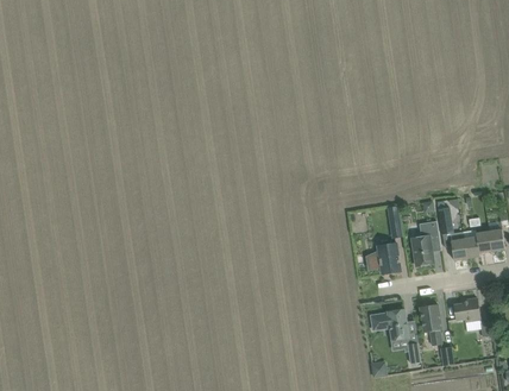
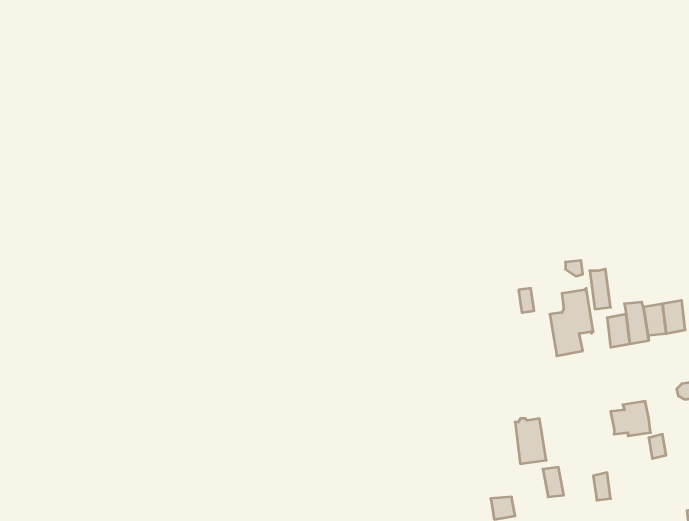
building: [377,242,401,273] -> none
building: [420,303,442,345] -> none

